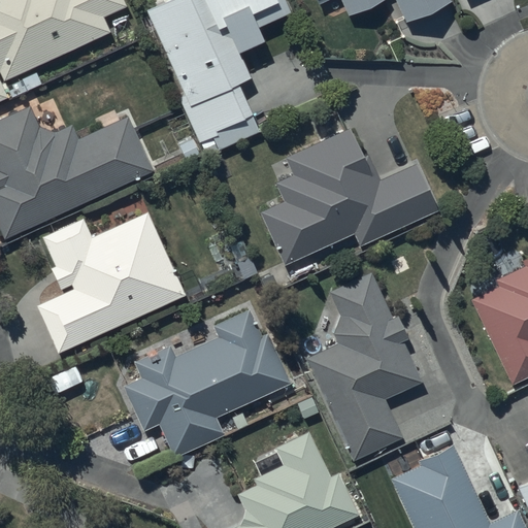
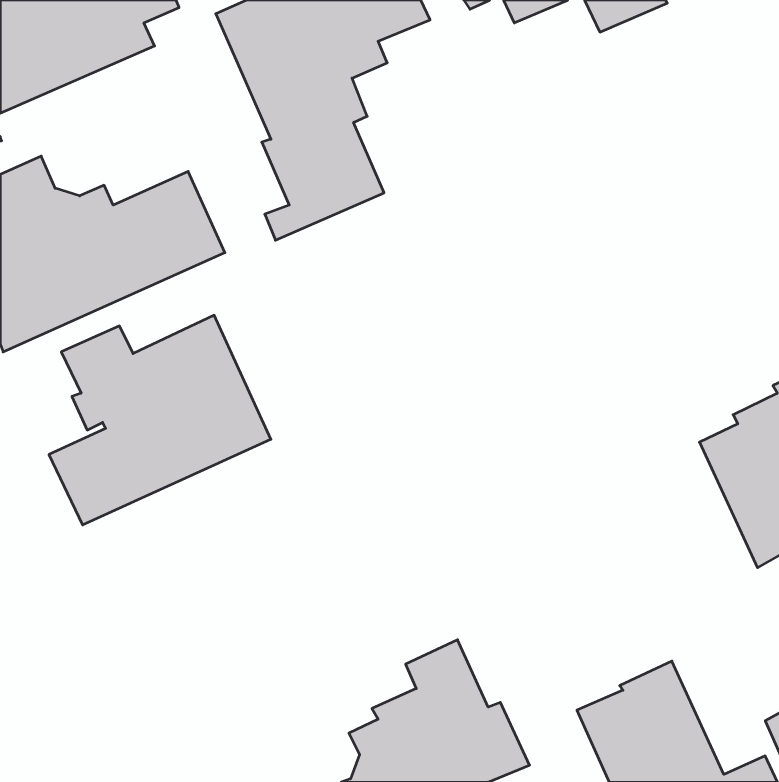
building: [258,130,437,267] -> none
building: [308,273,420,457] -> none
building: [124,309,290,459] -> none

